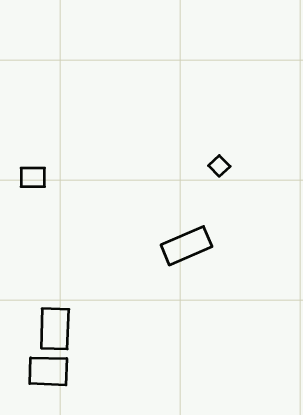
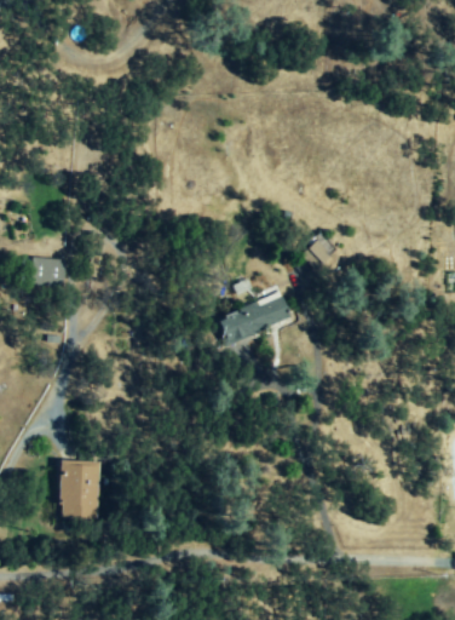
building: [161,226,212,265] -> [218,289,292,345]
building: [30,358,67,385] -> none

